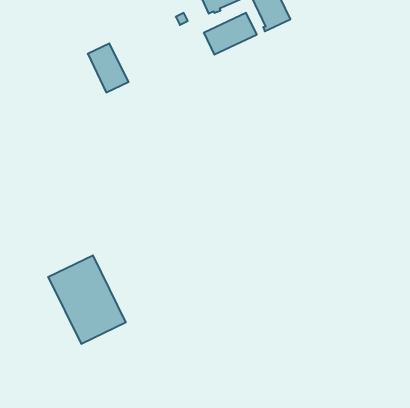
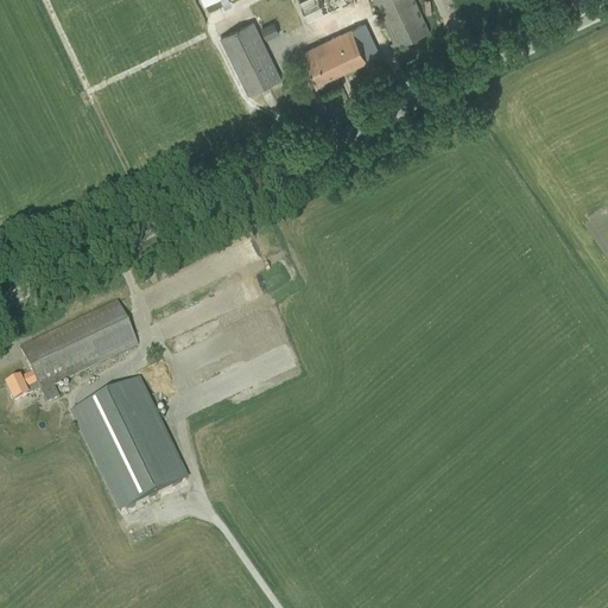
building: [88,43,129,92] -> [221,19,281,91]
building: none -> [5,299,137,400]

